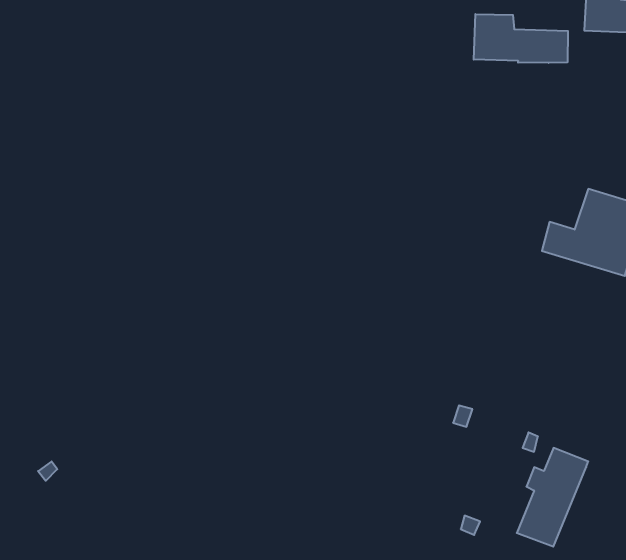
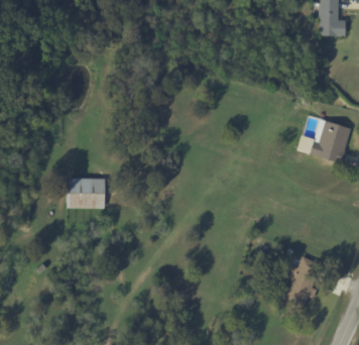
building: [474,14,568,63] -> none
building: none -> [67,177,106,208]

